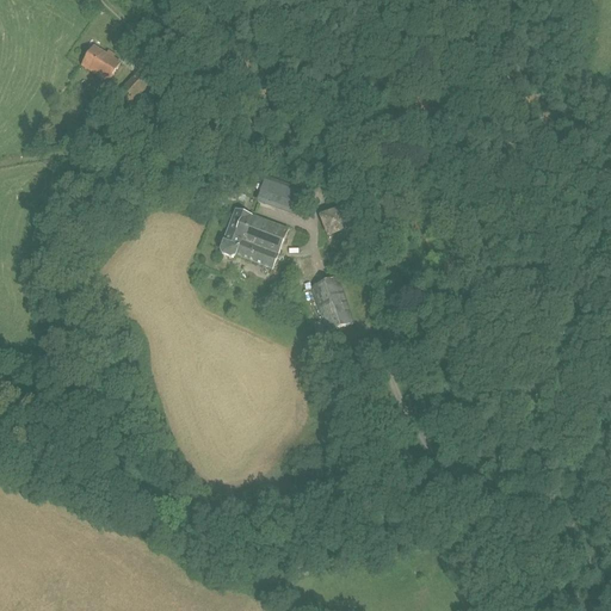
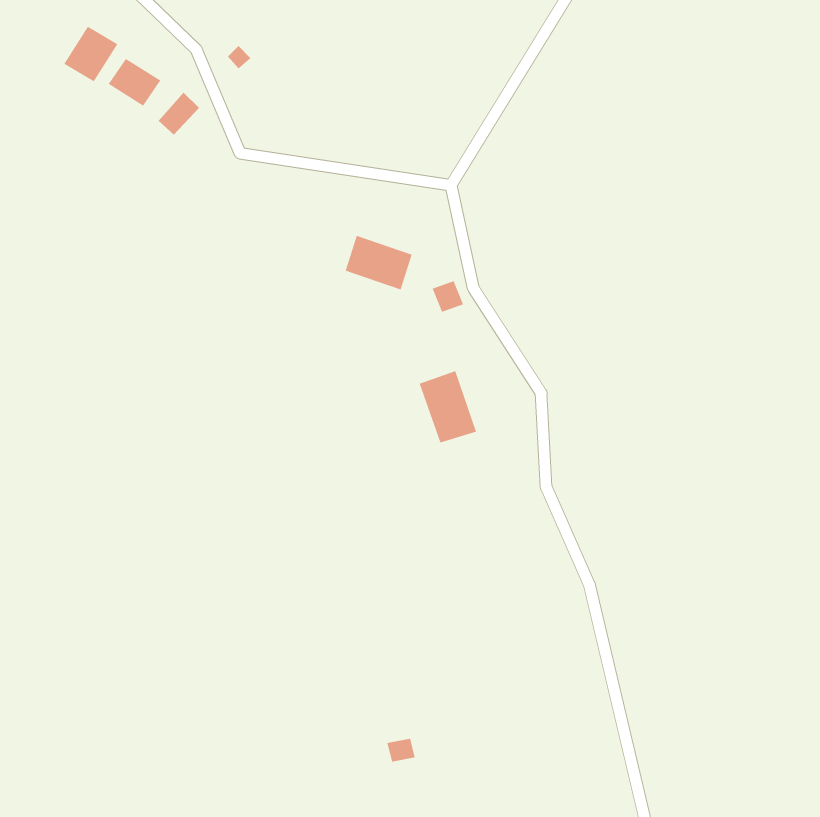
building: none -> [63,26,118,82]
building: [220,205,286,265] -> none

